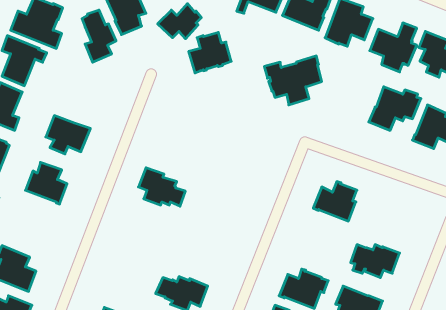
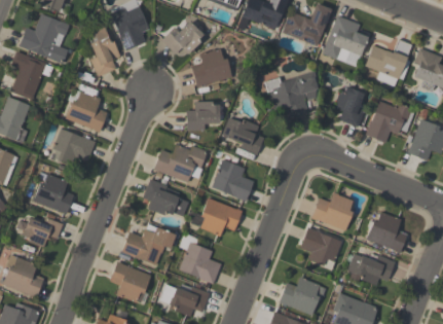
building: none -> [335,85,365,127]
building: none -> [67,92,108,133]
building: none -> [186,101,220,131]
building: none -> [222,117,264,155]
building: none -> [153,144,208,183]
building: none -> [212,159,254,202]
building: none -> [190,199,243,237]
building: none -> [366,212,407,253]
building: none -> [23,217,63,247]
building: none -> [121,224,176,265]
building: none -> [300,227,342,269]
building: none -> [179,233,221,284]
building: none -> [110,261,151,302]

